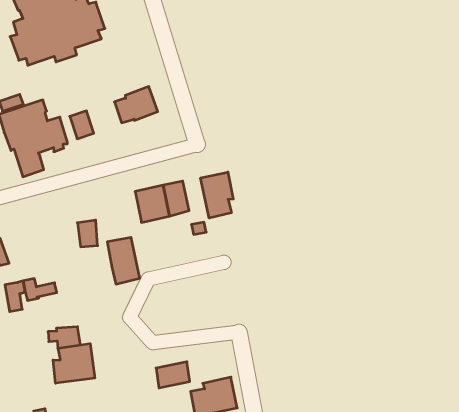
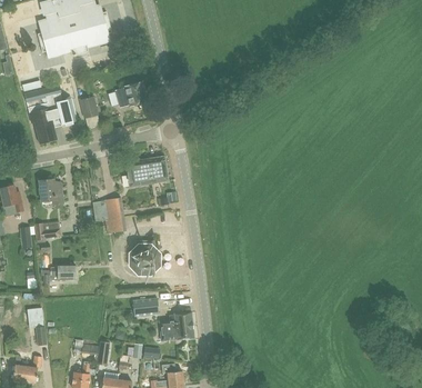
building: [201,172,233,218] -> none
building: none -> [38,178,62,203]
building: none -> [127,242,160,276]
building: [53,344,95,383] -> none

